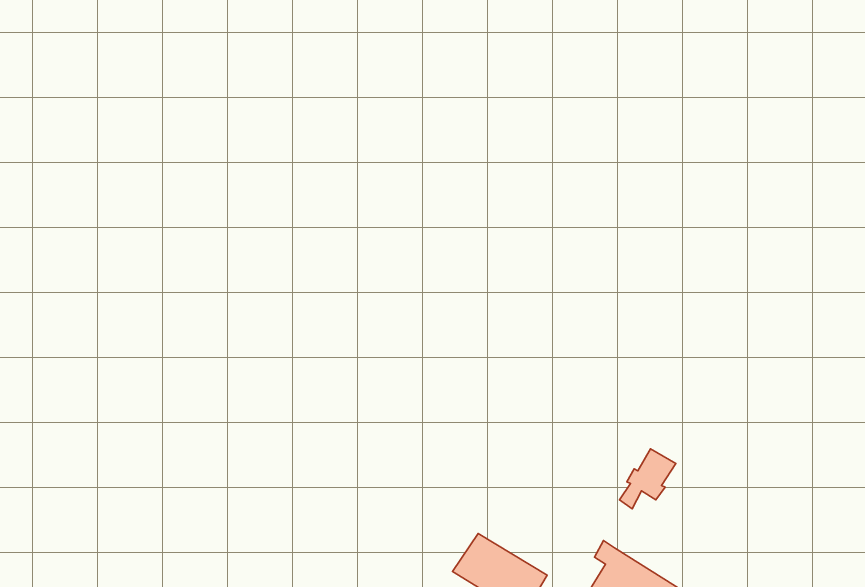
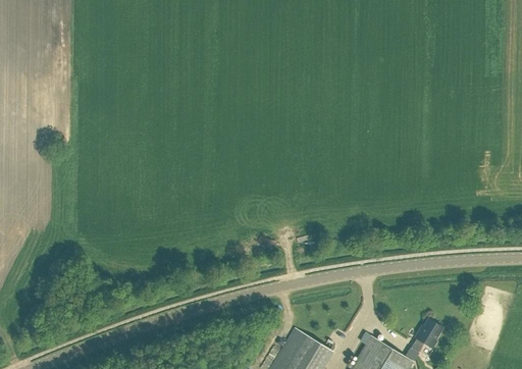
building: [620,449,676,509] -> [412,319,443,353]

